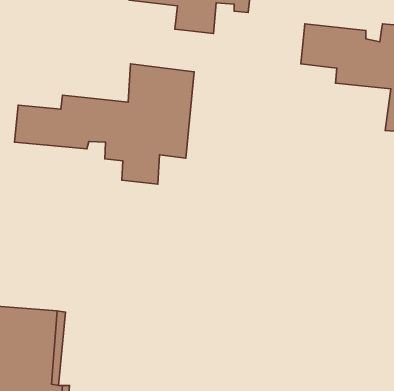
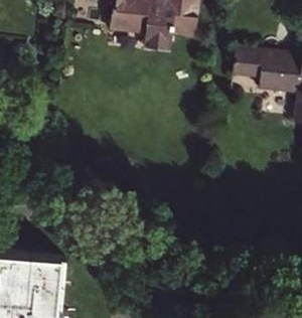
building: [15,64,194,184] -> none

